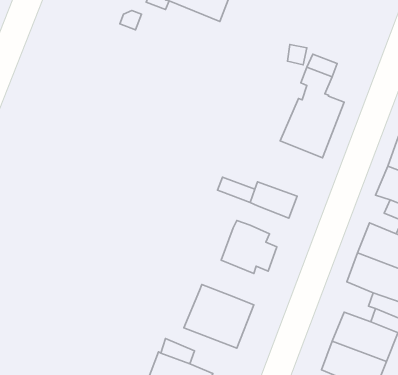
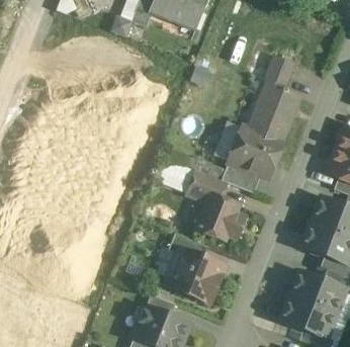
building: none -> [227,127,281,178]
building: none -> [188,171,227,201]
building: none -> [167,234,207,258]

